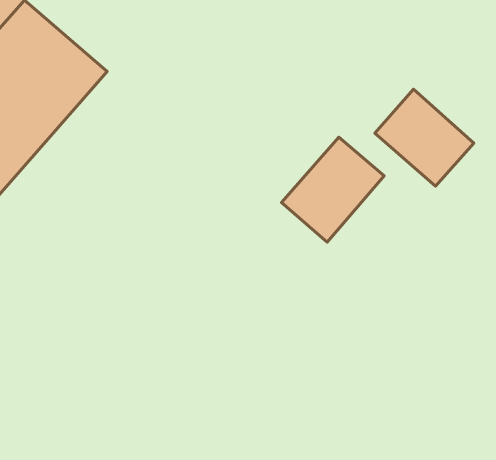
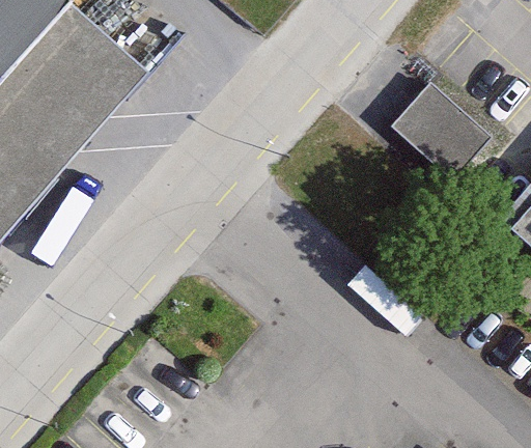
building: [282,137,384,242] -> none

